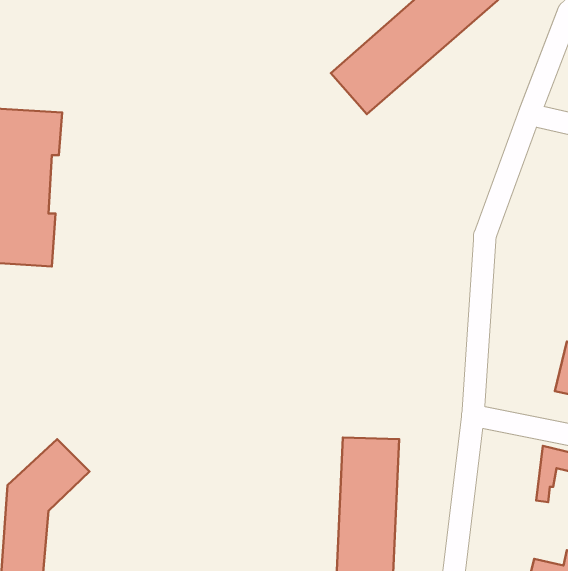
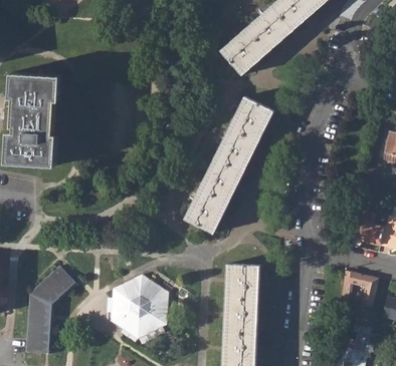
building: none -> [184,97,273,234]
building: none -> [111,275,167,338]

